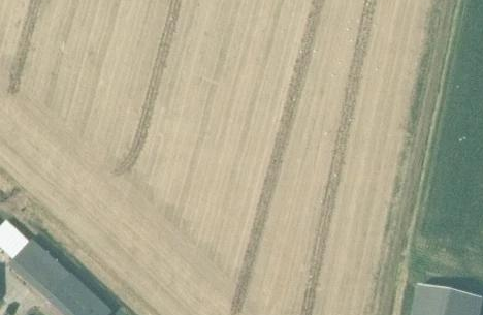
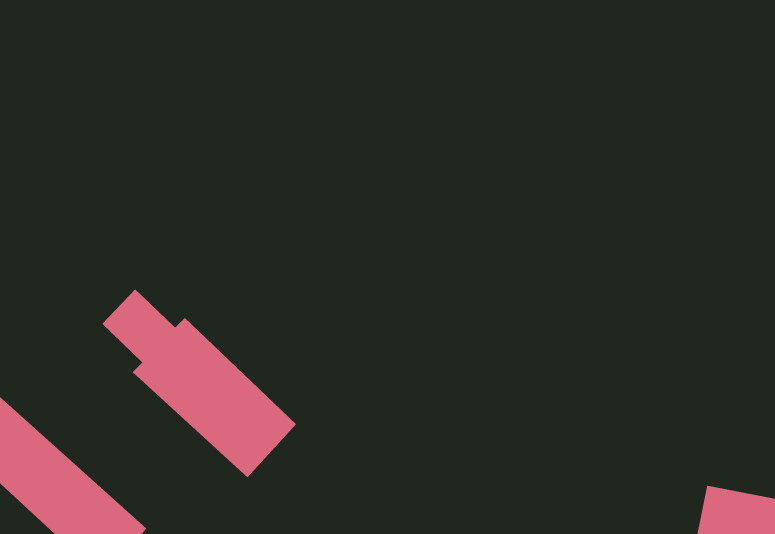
building: none -> [102,288,297,478]

